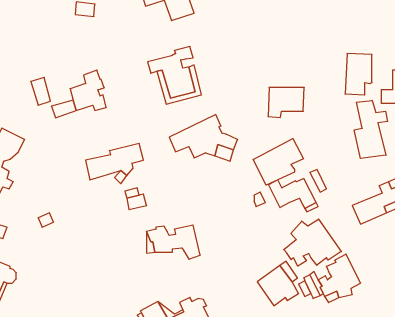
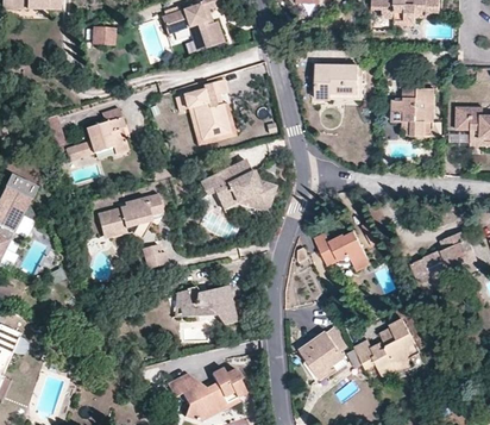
building: [268,87,304,117] -> [315,64,357,99]
building: [354,100,388,158] -> none
building: [253,139,303,185] -> none
building: [284,219,341,266] -> none

